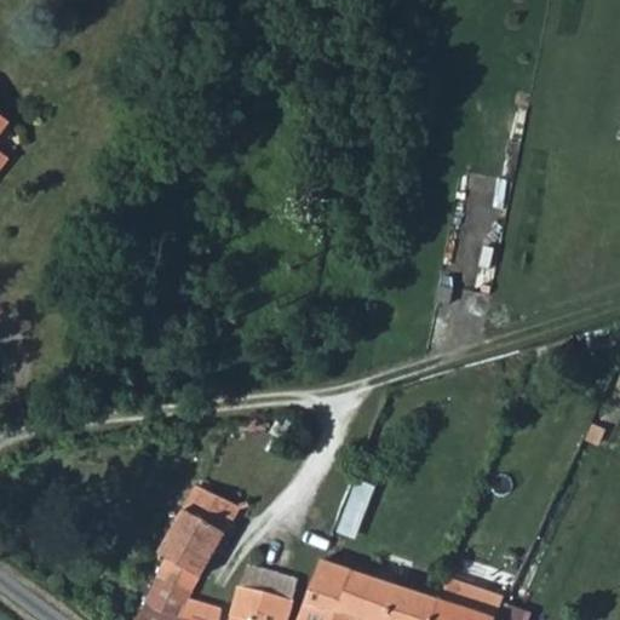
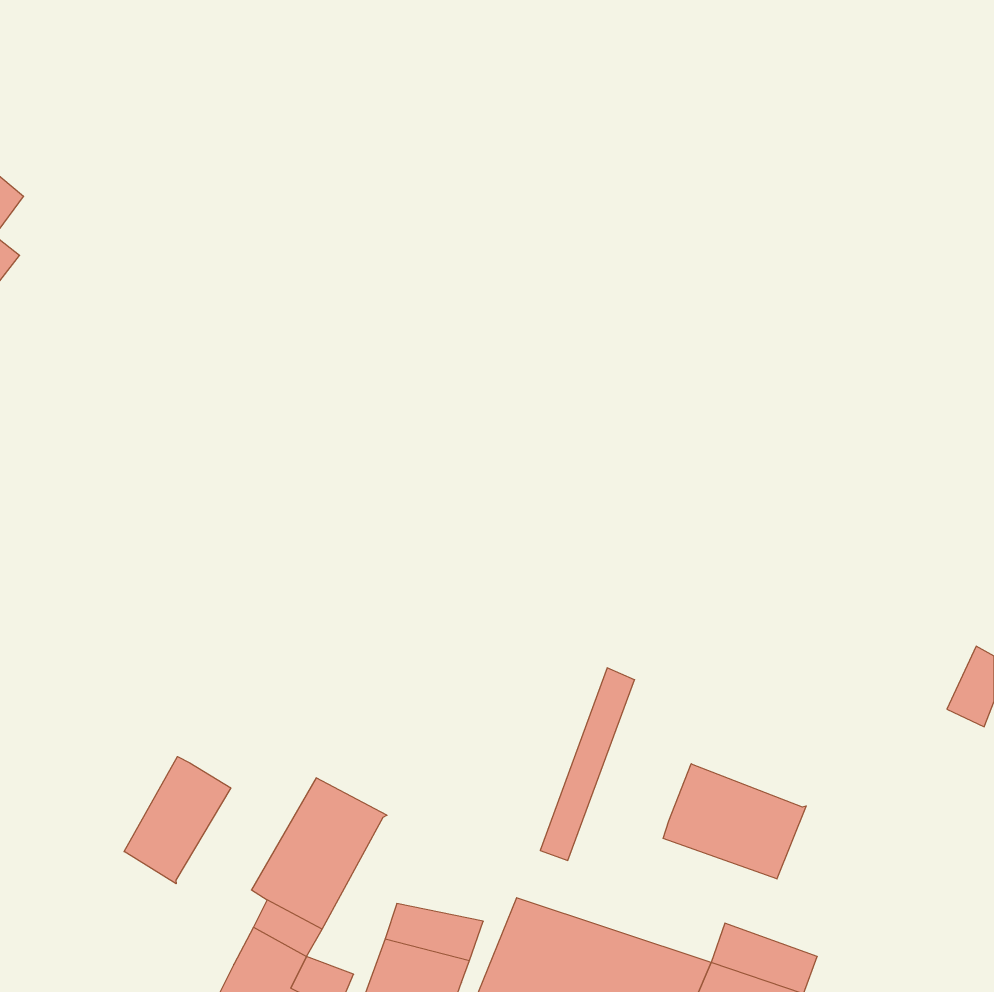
building: none -> [124,757,231,884]
building: none -> [663,764,806,879]

